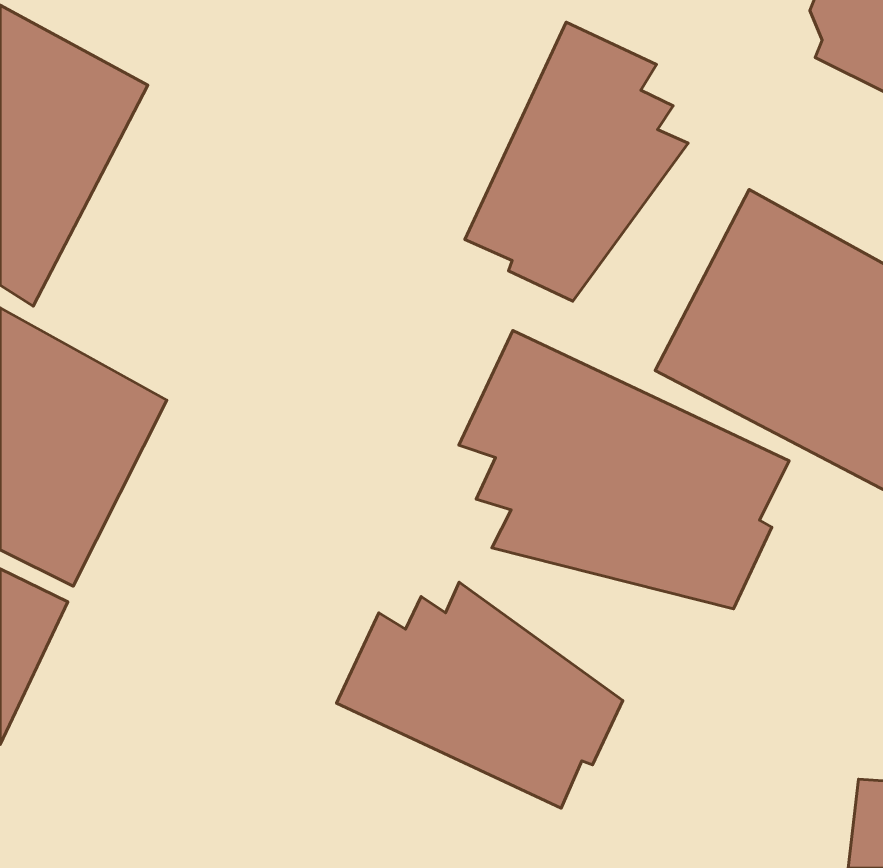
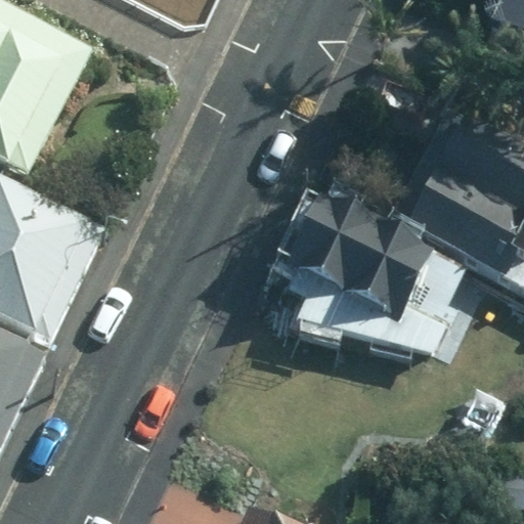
building: [465,22,688,301] -> none
building: [336,582,623,808] -> none

